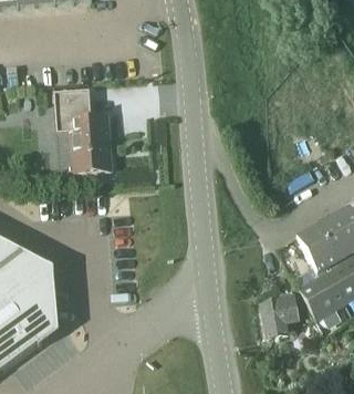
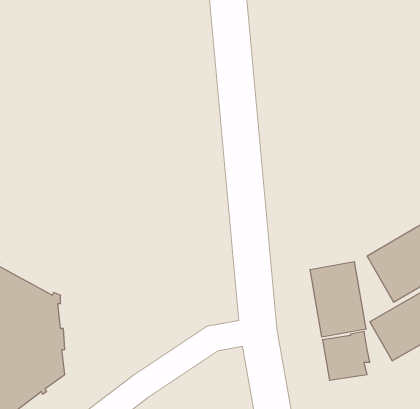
building: [53,85,110,169] -> none
building: none -> [310,262,366,337]

